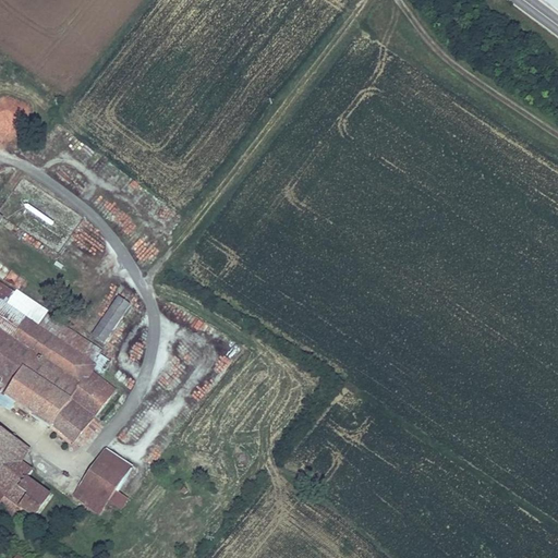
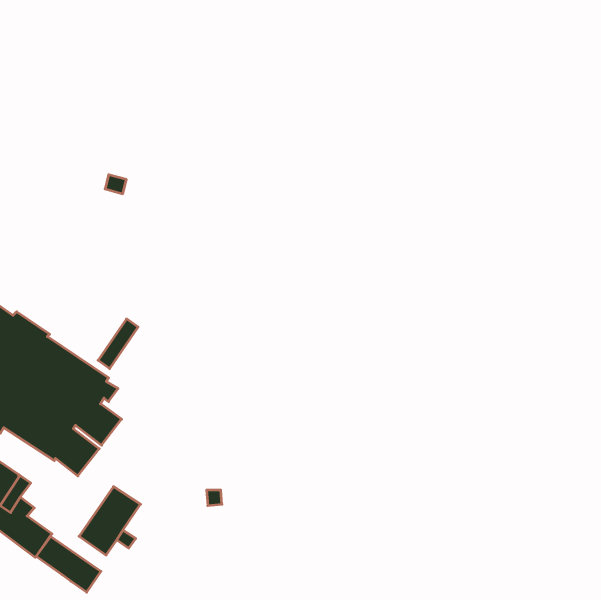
building: none -> [36,537,101,592]

